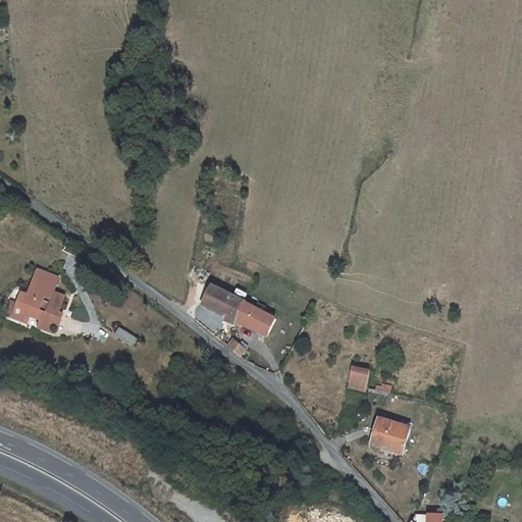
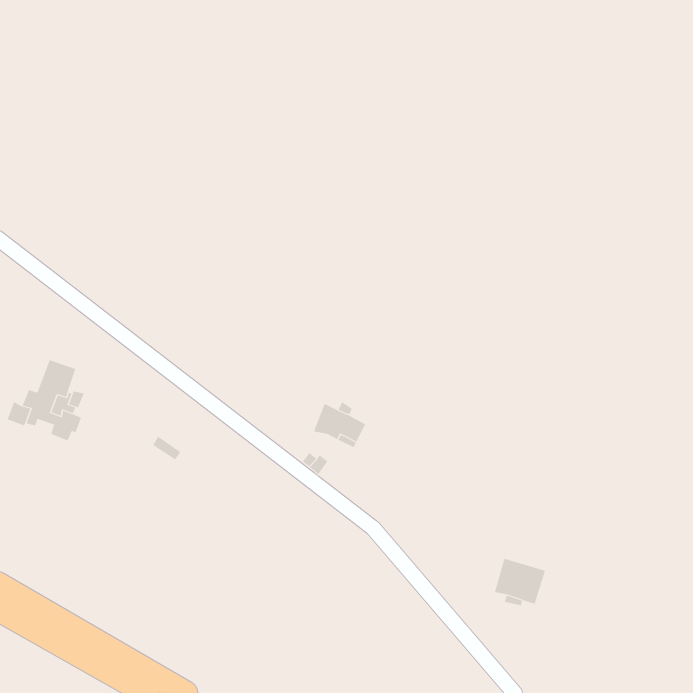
building: [201,284,245,323] -> none
building: [347,366,369,389] -> none

